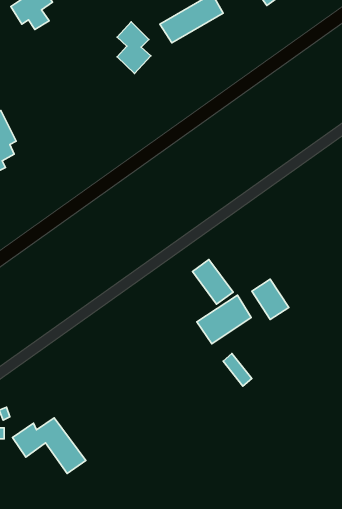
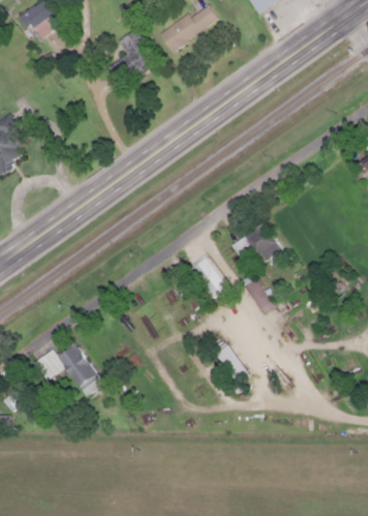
building: none -> [232,223,280,263]
building: [197,295,251,344] -> none
building: [13,418,86,474] -> [33,344,102,397]

